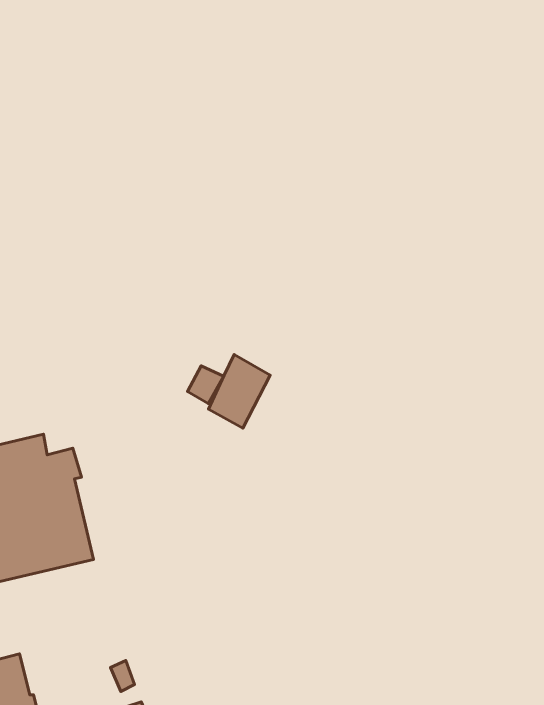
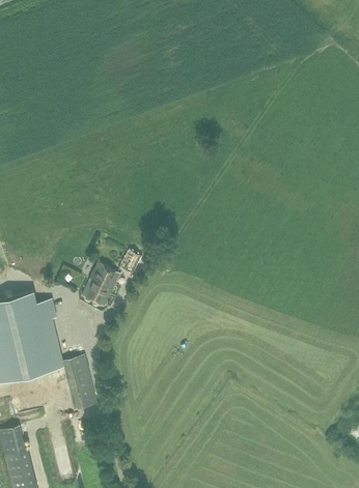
building: [209,354,270,428] -> [83,262,120,307]
building: none -> [63,356,96,409]

